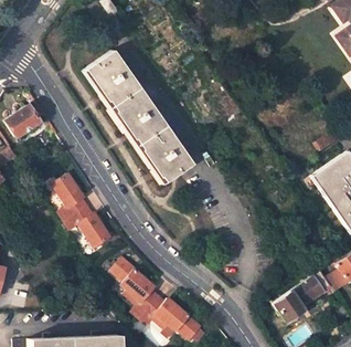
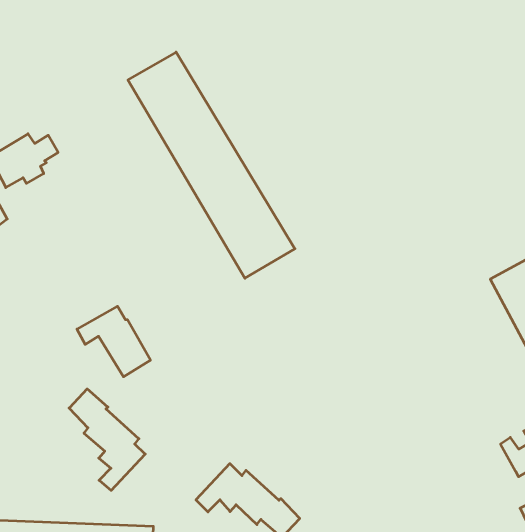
building: [50,172,86,220] -> none
building: [113,257,160,317] -> [69,389,145,490]
building: [273,271,331,322] -> none

